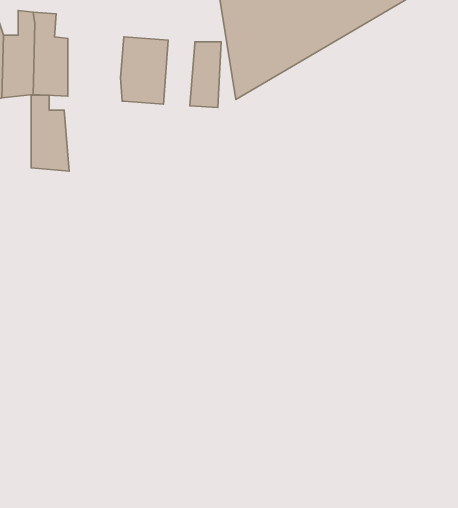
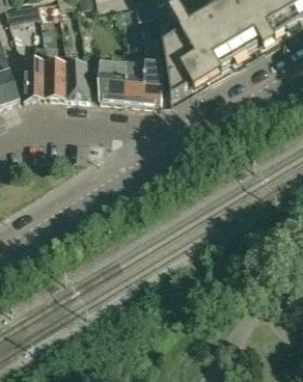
building: none -> [109,62,129,104]
building: [31,95,69,171] -> [49,52,73,100]

